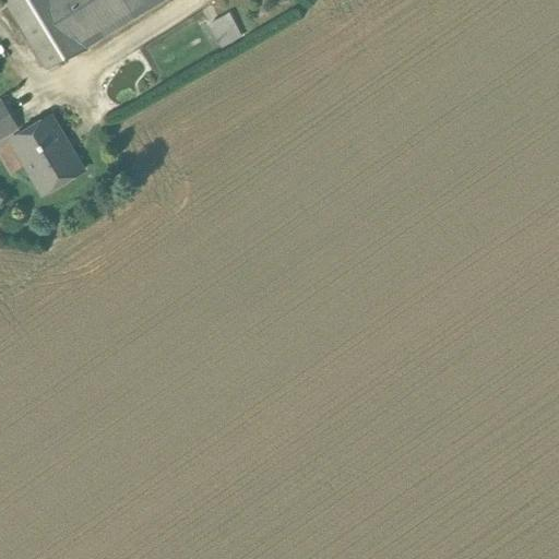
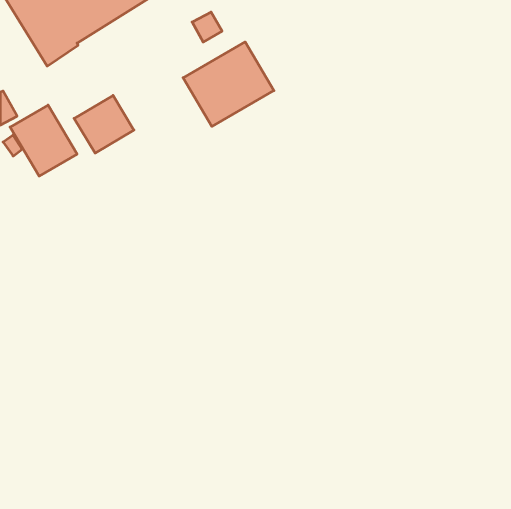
building: none -> [183,42,274,126]
building: none -> [74,95,134,153]

